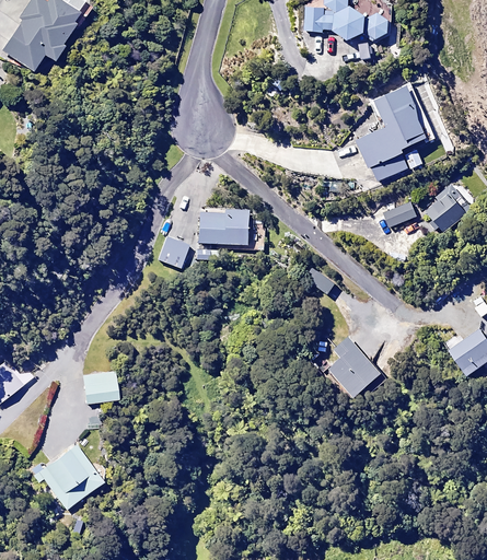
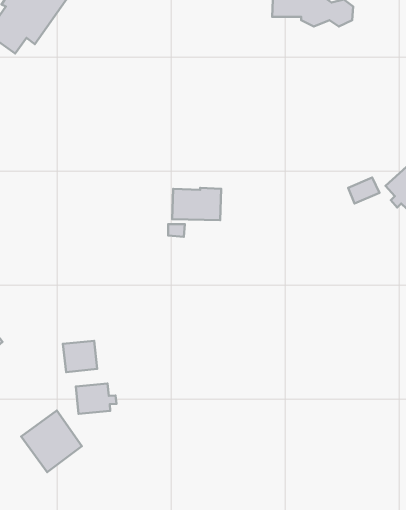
building: [358,86,436,182] -> none
building: [159,237,189,268] -> none
building: [321,336,380,396] -> none
building: none -> [76,383,117,414]

